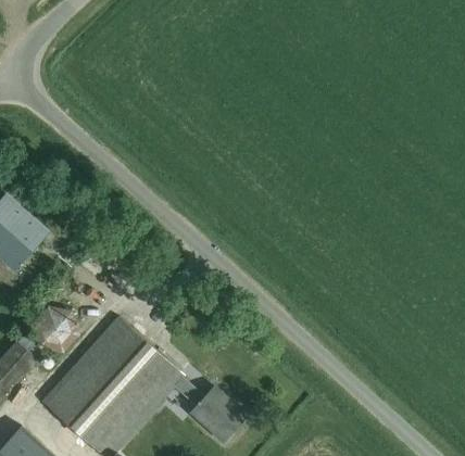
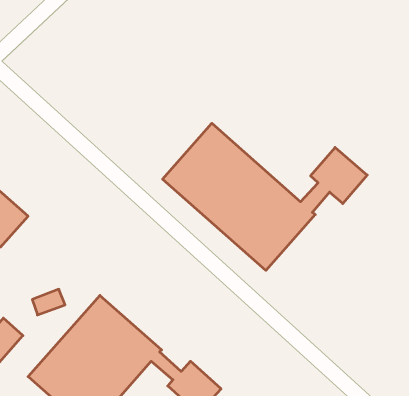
building: none -> [163,123,367,270]

